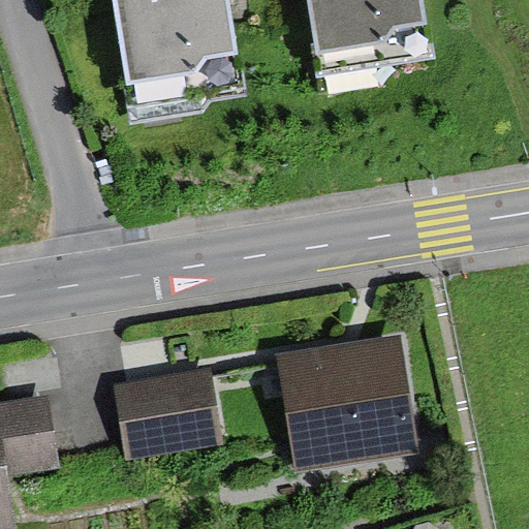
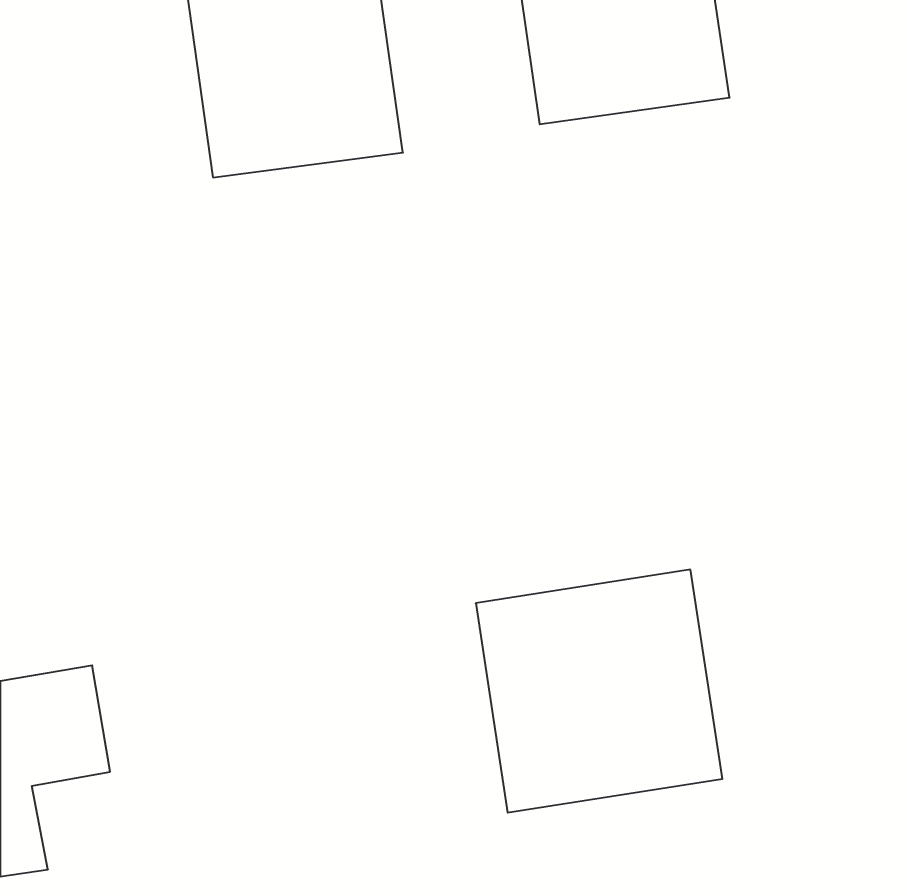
building: [115,366,224,458] -> none

